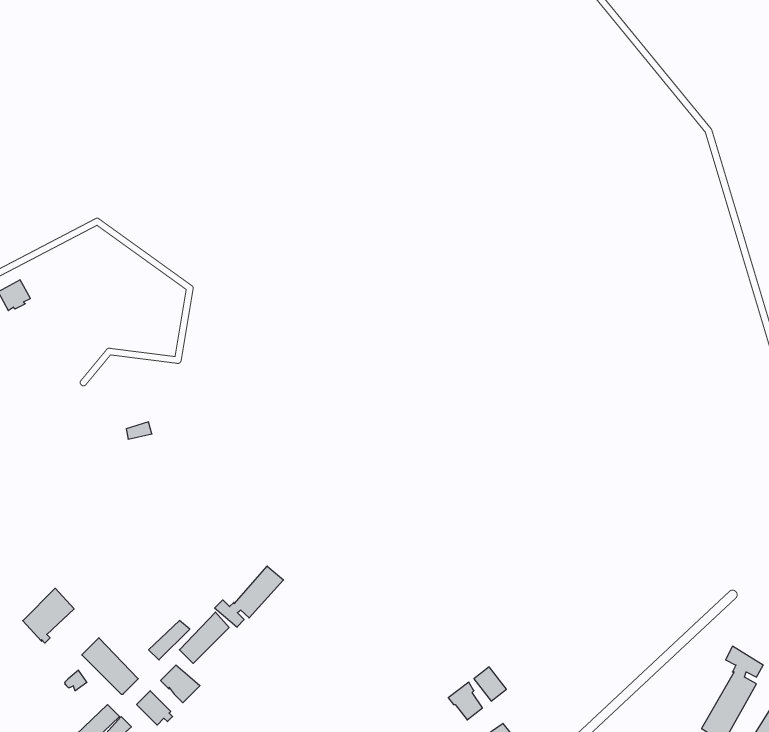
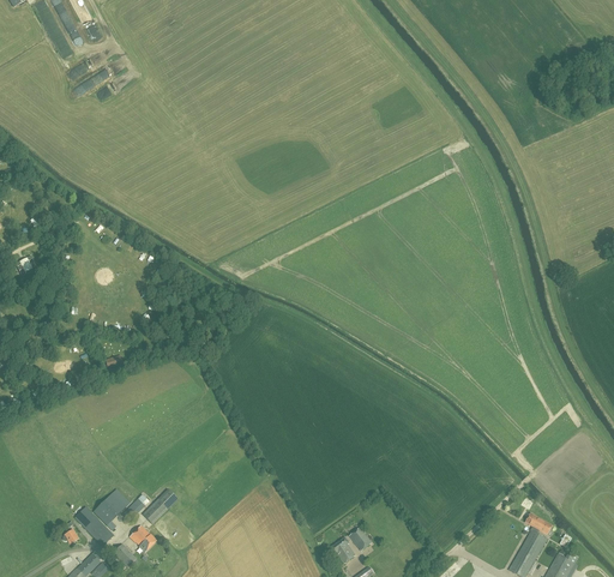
building: [215,566,284,627] -> none
building: [23,588,74,643] -> [94,488,130,527]

